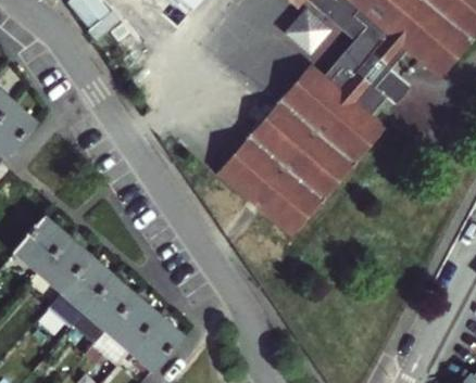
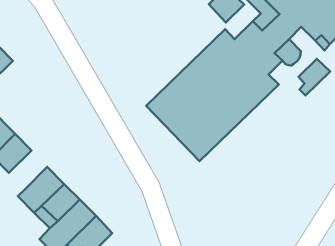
building: none -> [298,59,330,95]
building: [45,239,93,290] -> none

